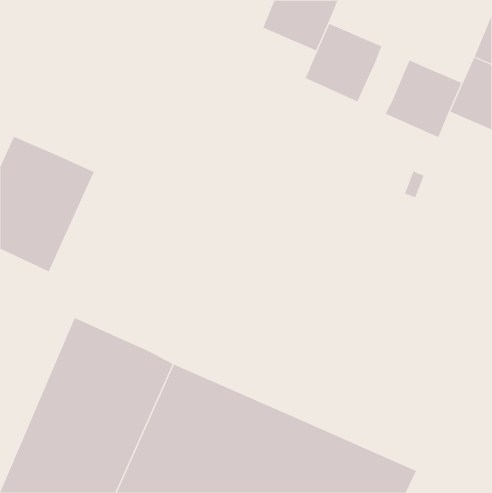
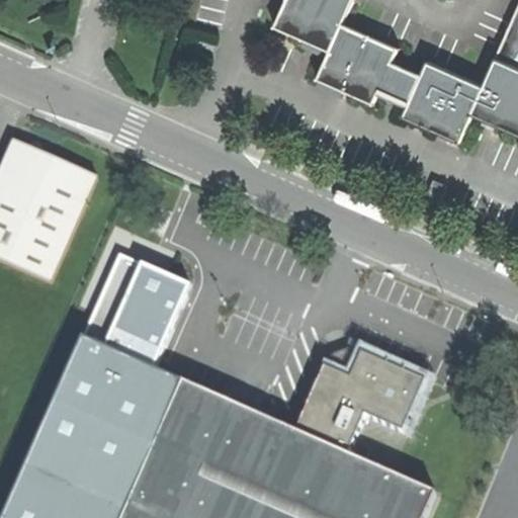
building: none -> [381,65,423,105]
building: none -> [83,249,192,368]
building: none -> [294,347,429,455]

